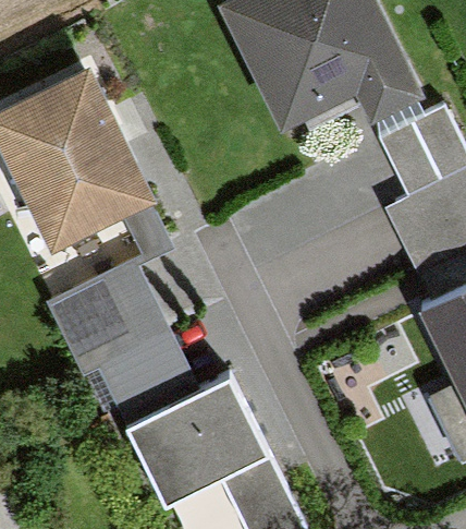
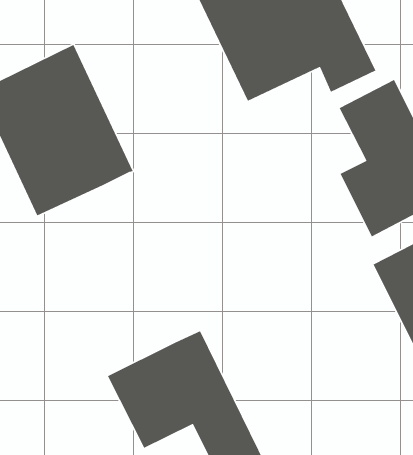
building: [44,207,201,430] -> none

